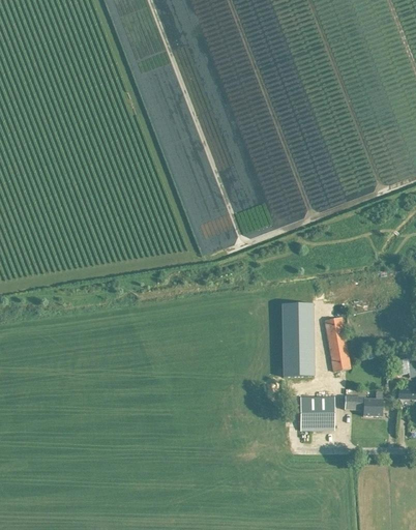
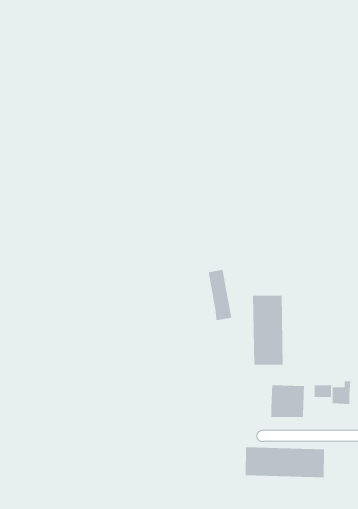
building: [324,317,349,371] -> [208,269,232,321]
building: none -> [245,447,325,478]

